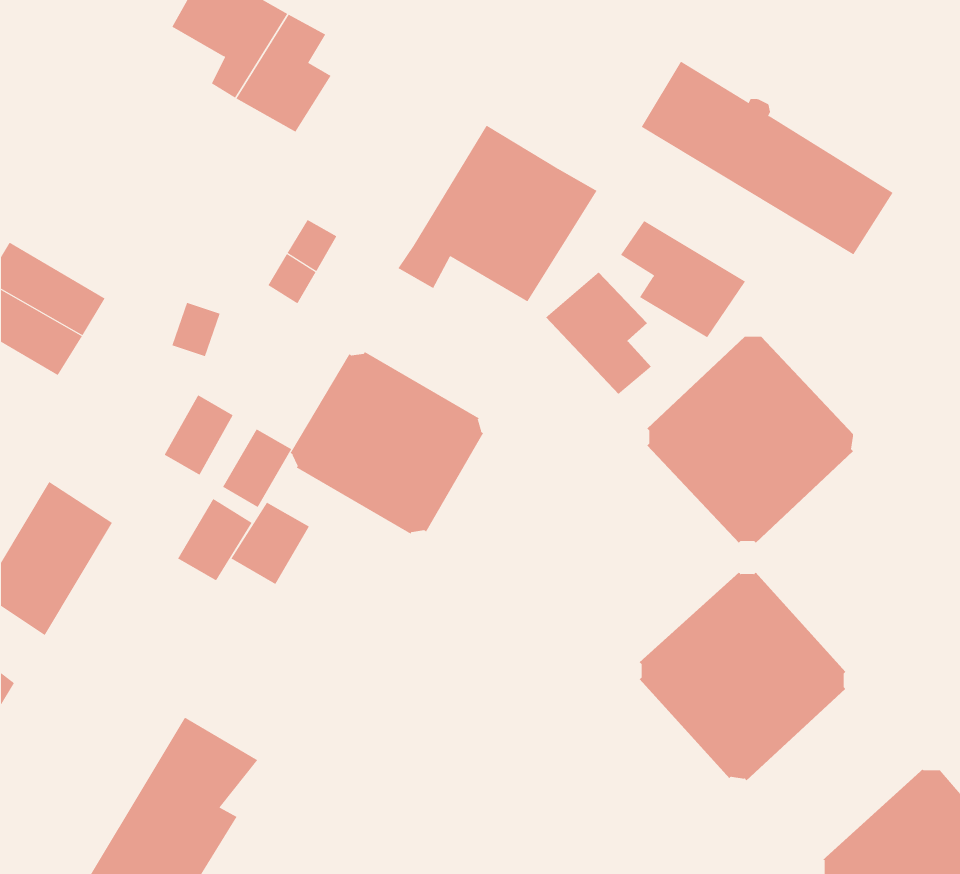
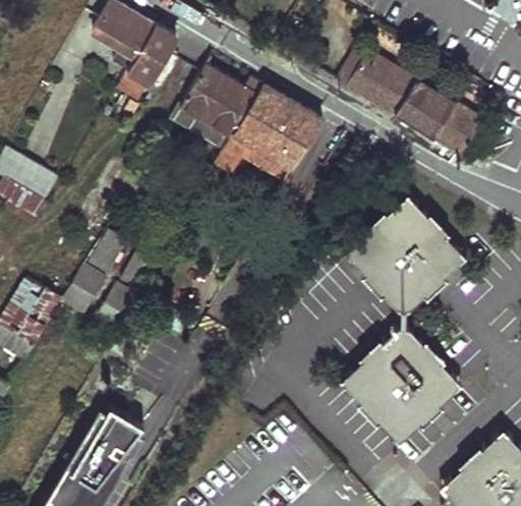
building: none -> [170,63,264,151]
building: [620,220,746,338] -> none
building: [545,272,652,395] -> none
building: [290,351,484,535] -> none
building: [231,502,310,585] -> [62,269,105,314]

